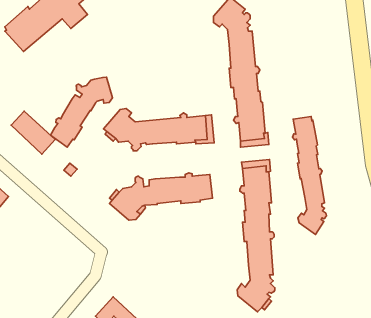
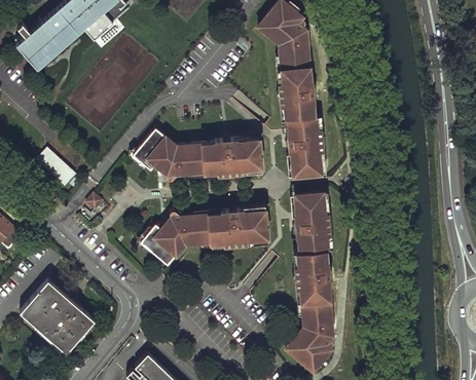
building: [50,77,112,147] -> none
building: [293,116,326,234] -> none
building: none -> [243,205,267,244]
building: none -> [21,280,96,354]

